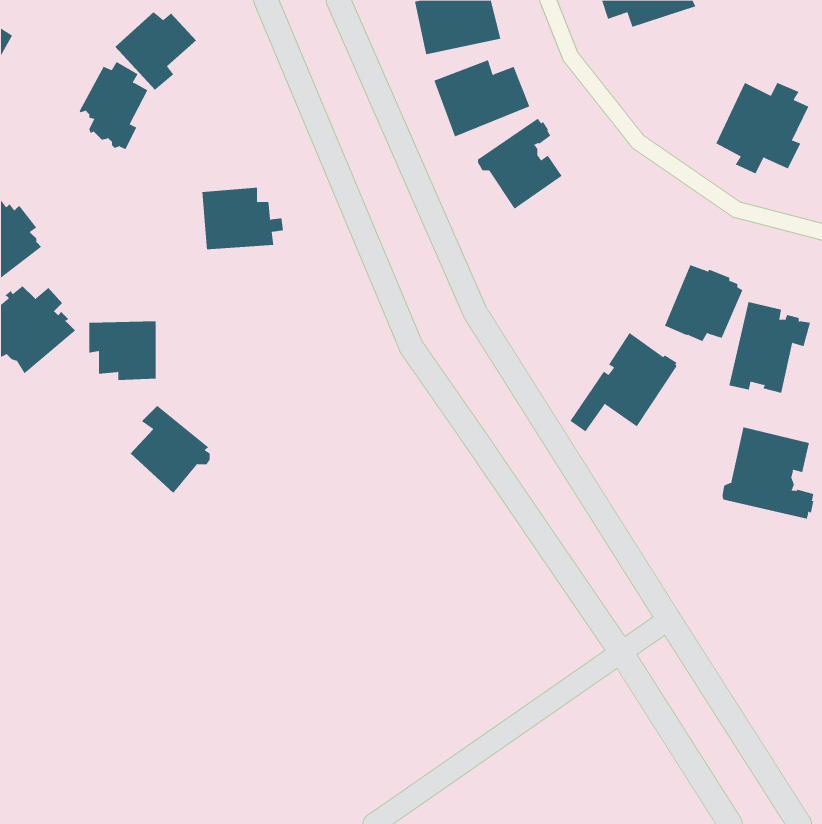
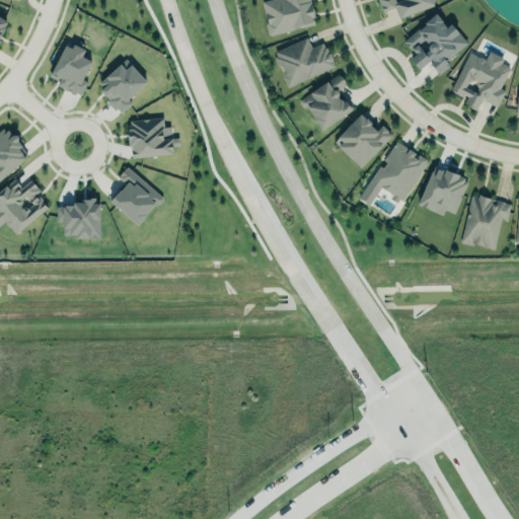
building: [115,11,197,90] -> [95,64,147,114]
building: none -> [404,13,469,75]
building: none -> [340,116,393,167]
building: [570,332,678,432] -> [360,141,428,204]
building: [130,405,210,494] -> [110,165,161,221]
building: [722,426,814,519] -> none

